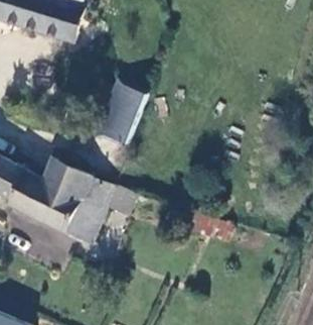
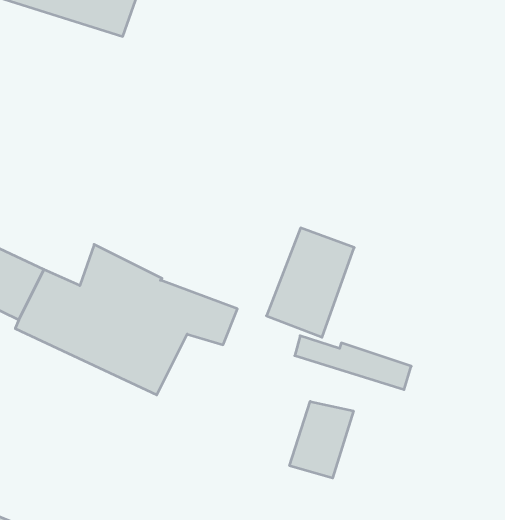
building: [96,83,145,144] -> [266,228,354,337]
building: none -> [290,401,353,478]

